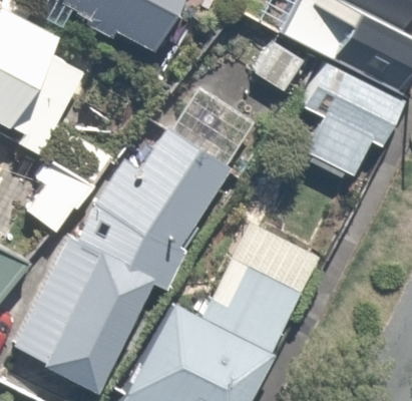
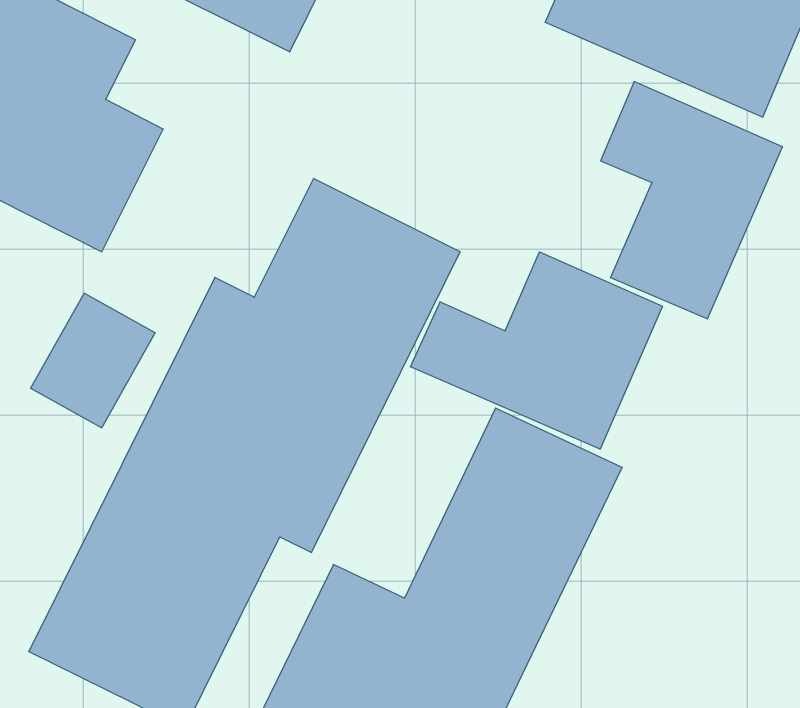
building: none -> [411,252,663,449]

